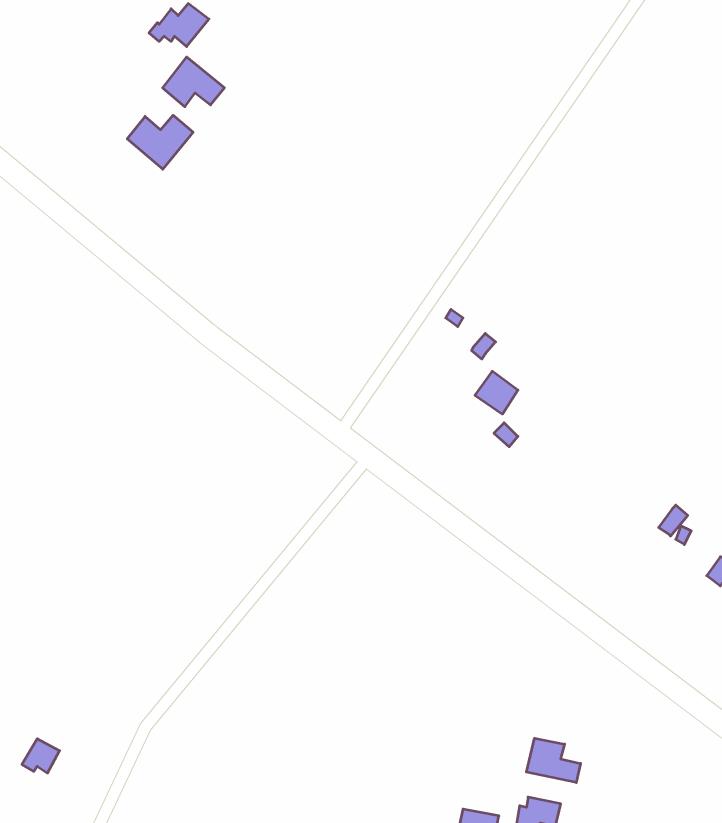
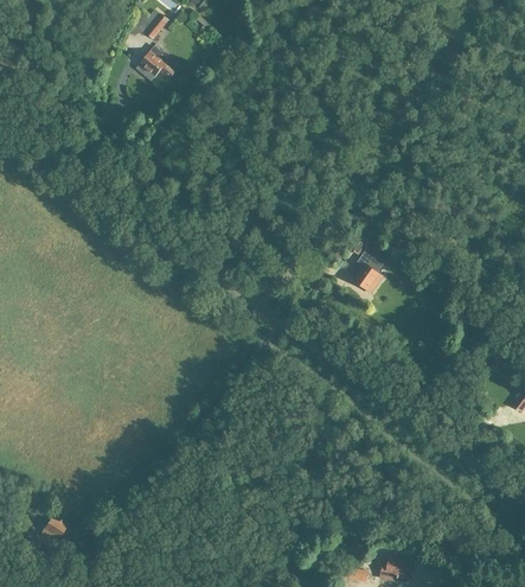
building: [127,115,193,169] -> none
building: [526,738,581,783] -> none

